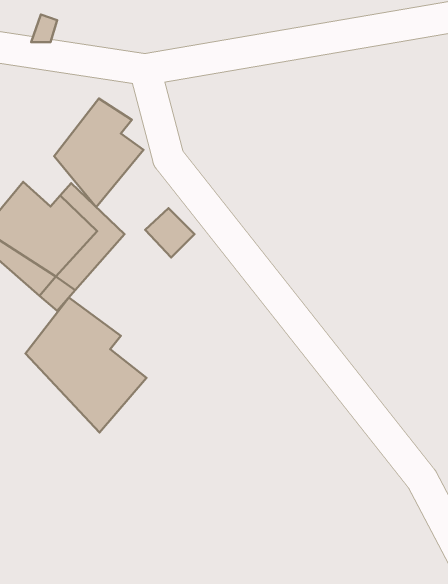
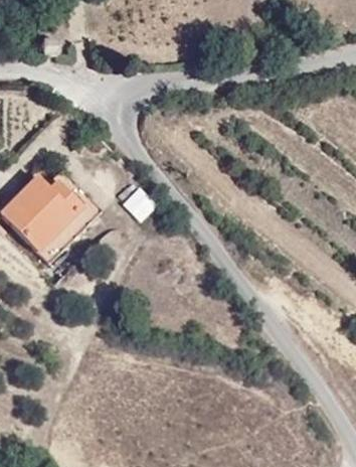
building: [54,99,144,207] -> none
building: [26,297,146,433] -> none

